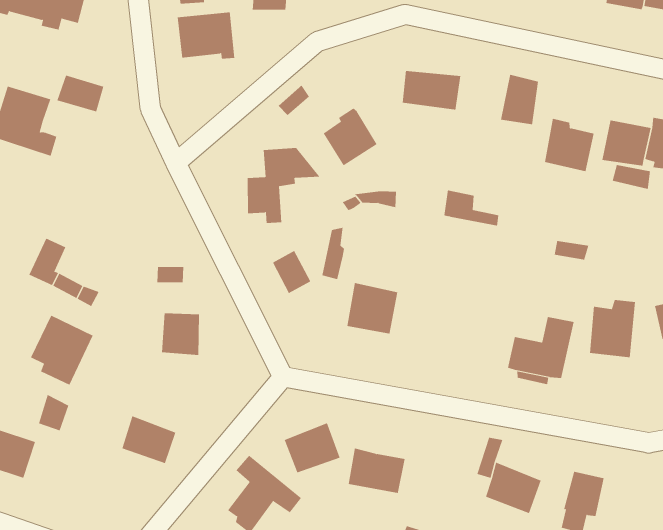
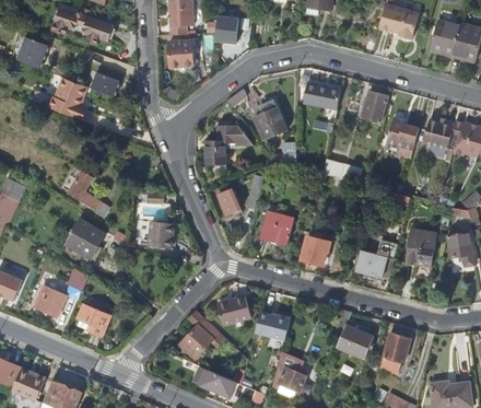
building: none -> [301,236,331,265]
building: [122,416,176,464] -> [75,303,109,334]

